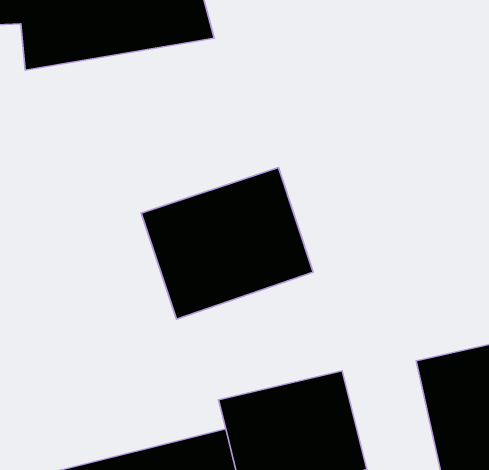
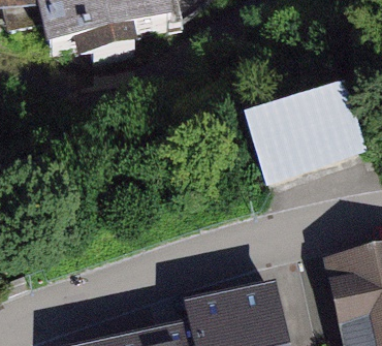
building: none -> [245,88,369,187]
building: [141,167,313,319] -> none

